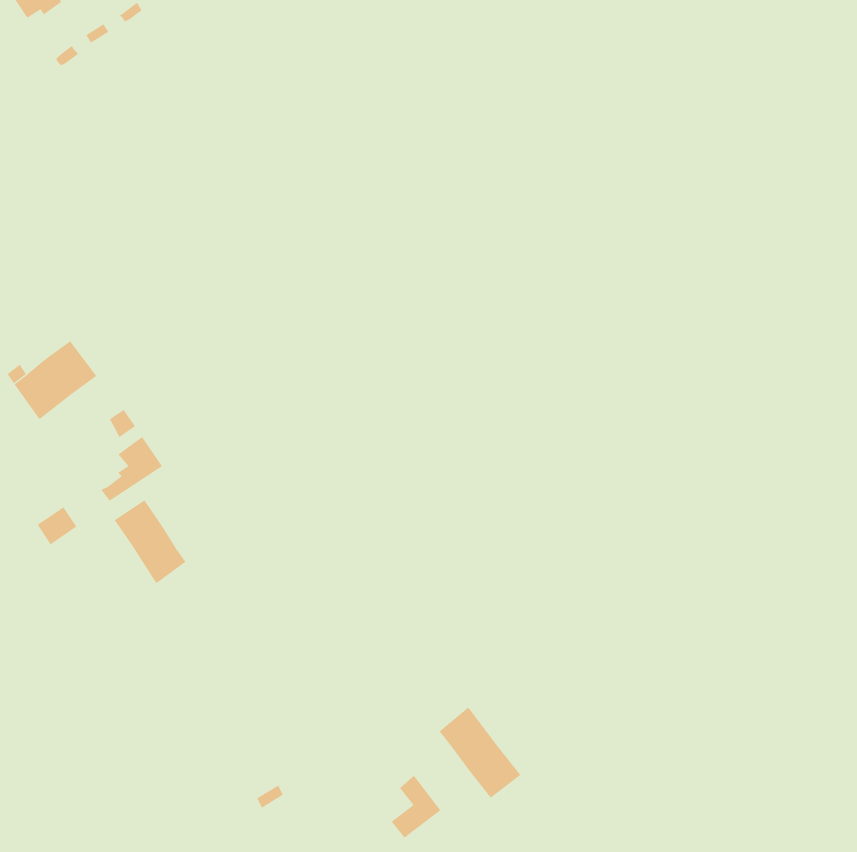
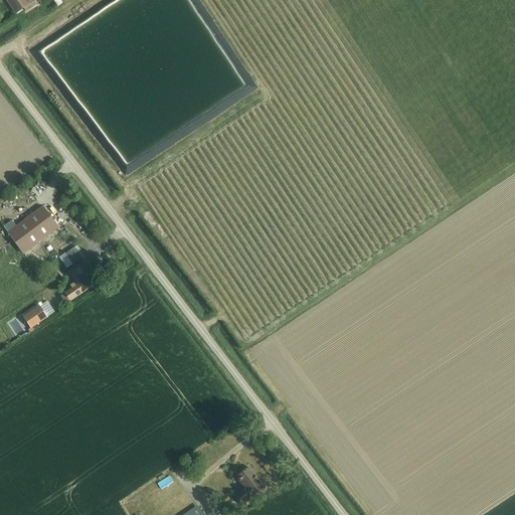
building: [114,500,186,583] -> none
building: [439,707,521,799] -> none

